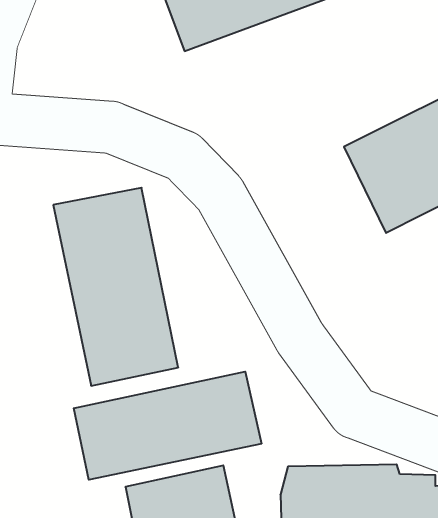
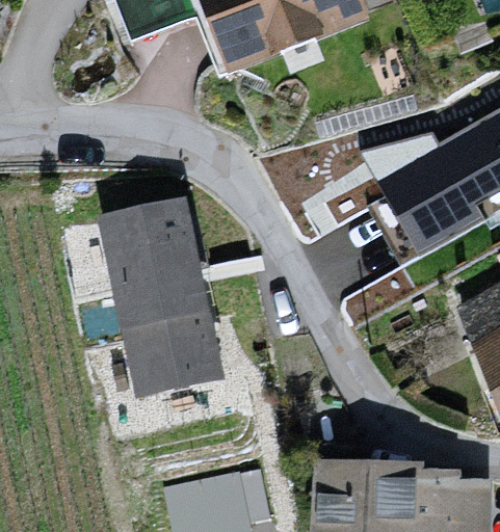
building: [74,372,261,480] -> none

